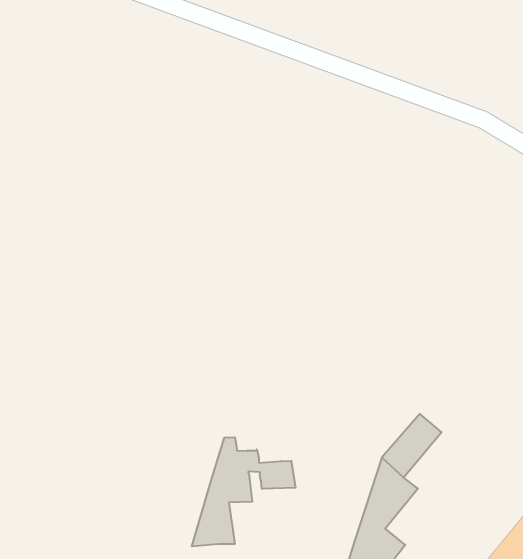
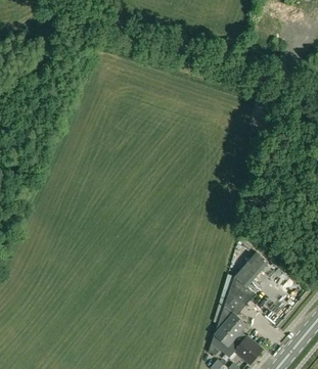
building: [192,437,296,546] -> none

